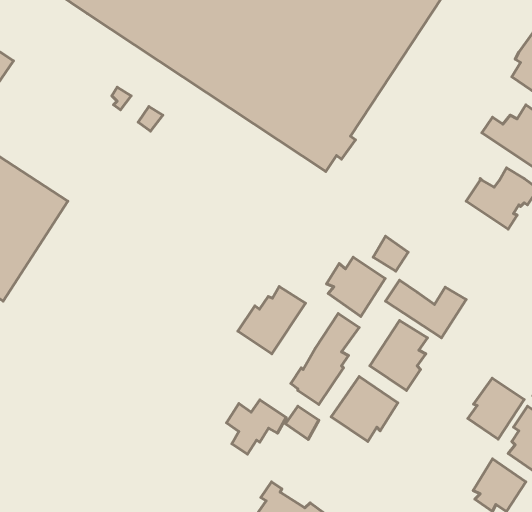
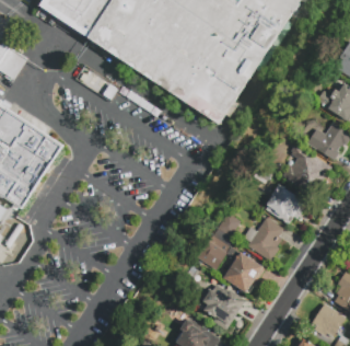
building: none -> [285,154,330,195]
building: [326,257,385,317] -> none
building: [238,286,305,354] -> none
building: [468,378,524,439] -> none
building: [227,400,286,454] -> [203,295,241,328]

